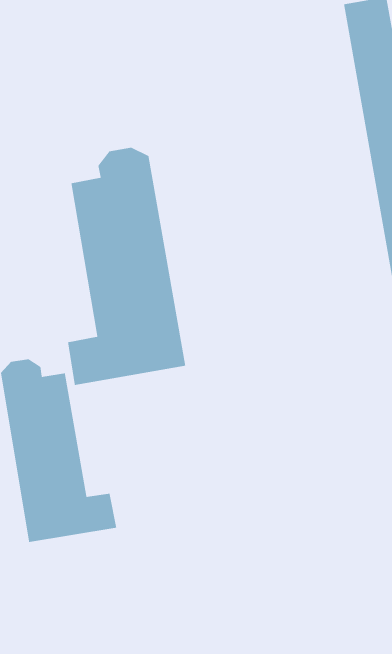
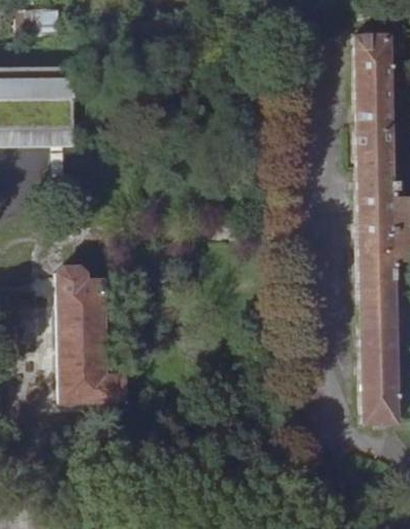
building: [67,147,186,386] -> none

